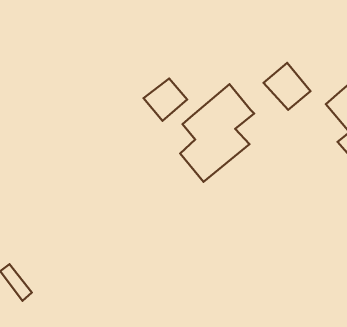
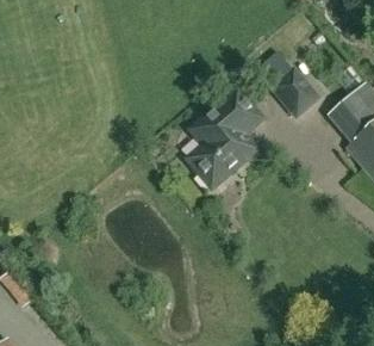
building: [144,78,187,121] -> none

